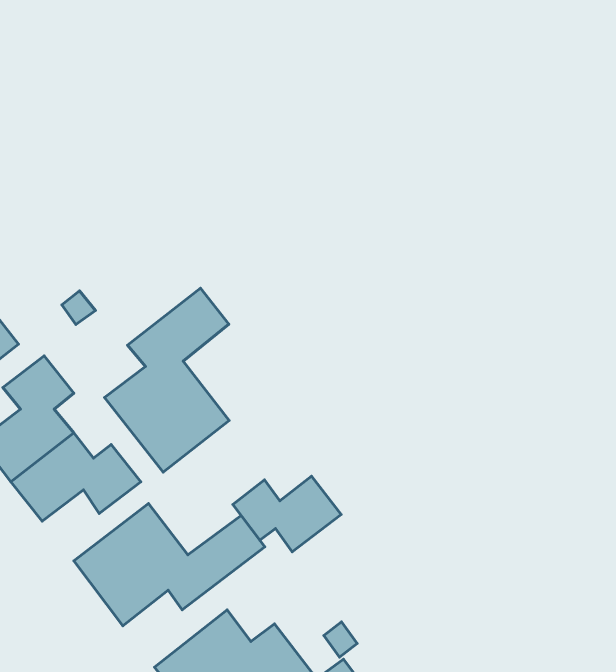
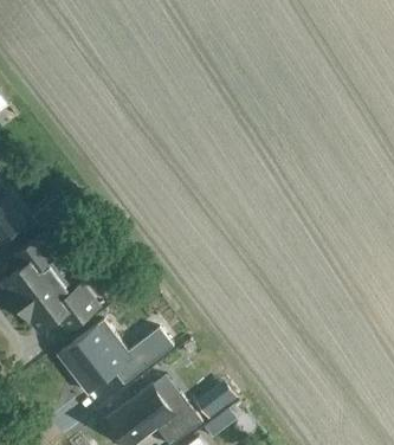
building: [105,288,229,472] -> none
building: [233,476,341,552] -> none

